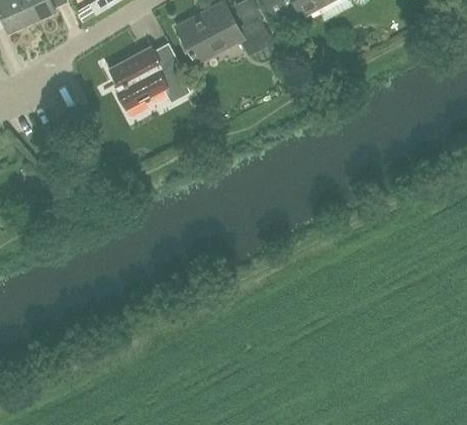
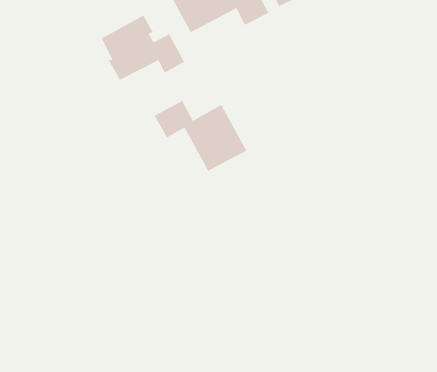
building: none -> [153,100,247,172]

